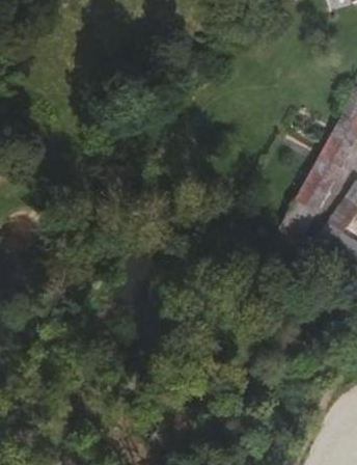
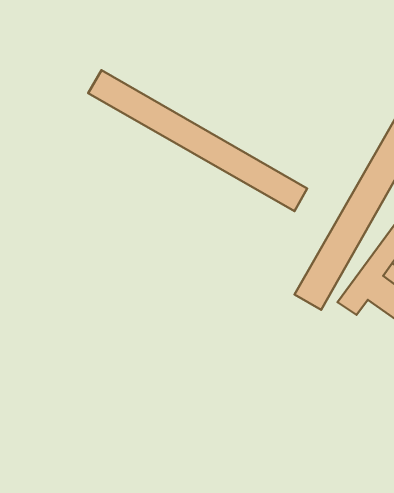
building: none -> [88,70,307,211]

